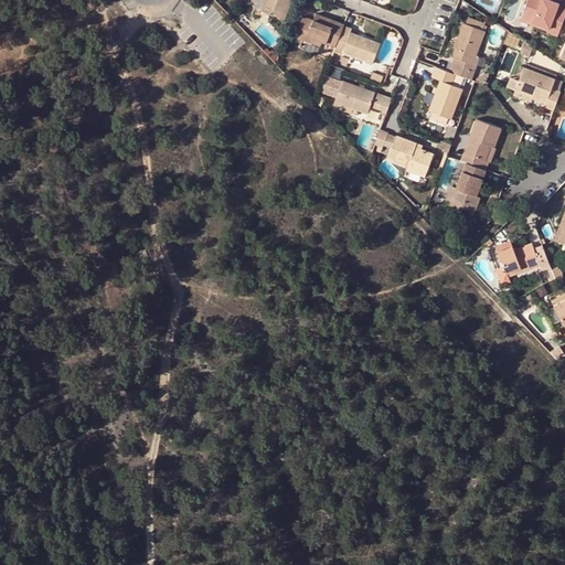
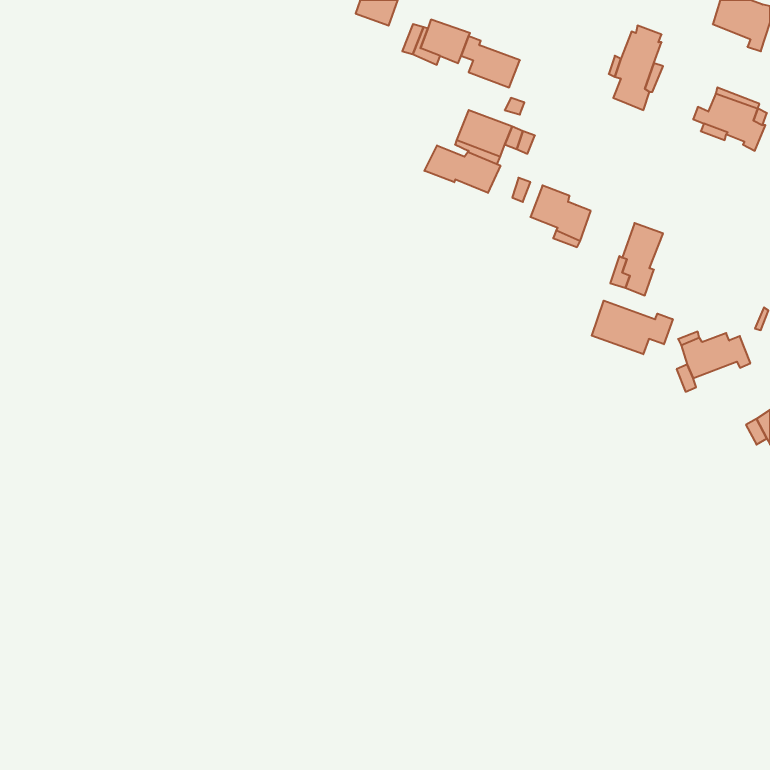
building: [429,67,462,119] -> none
building: none -> [424,145,500,193]
building: [460,119,501,171] -> none
building: none -> [592,301,673,354]

